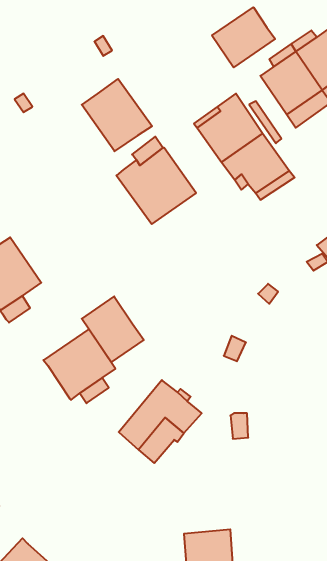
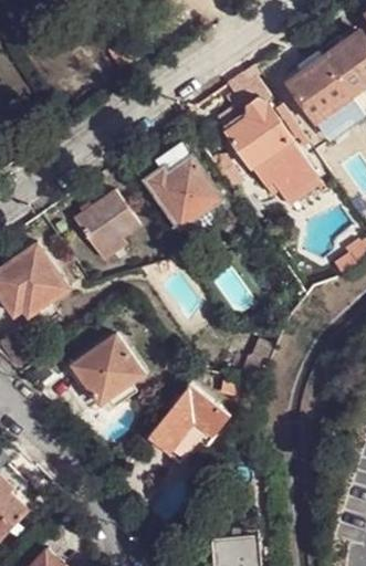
building: [212,7,275,67] -> none
building: [82,79,152,151] -> none
building: none -> [73,189,139,261]
building: [82,296,144,362] -> none

